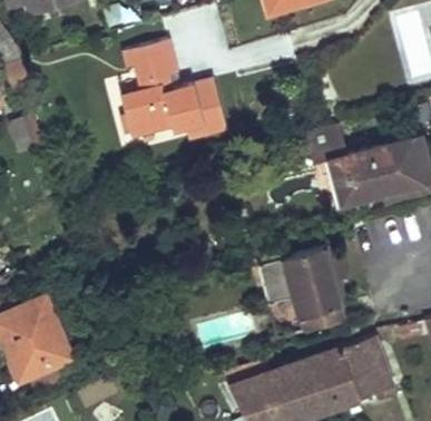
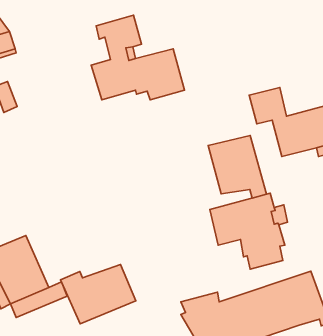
building: none -> [208,135,267,198]
building: none -> [61,264,136,324]

